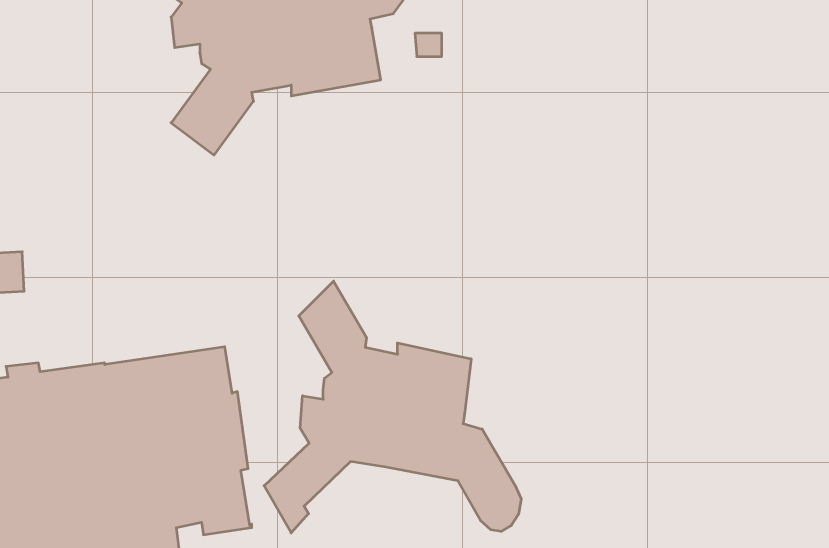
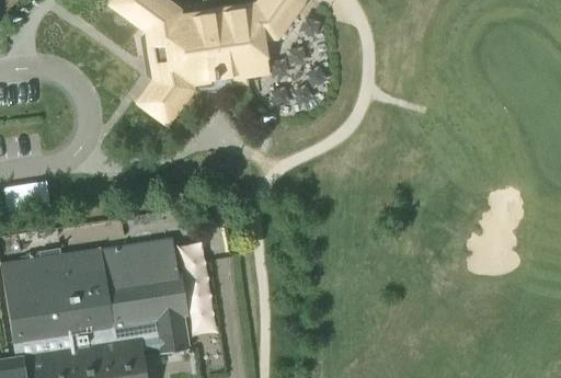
building: [264,281,521,533] -> none

